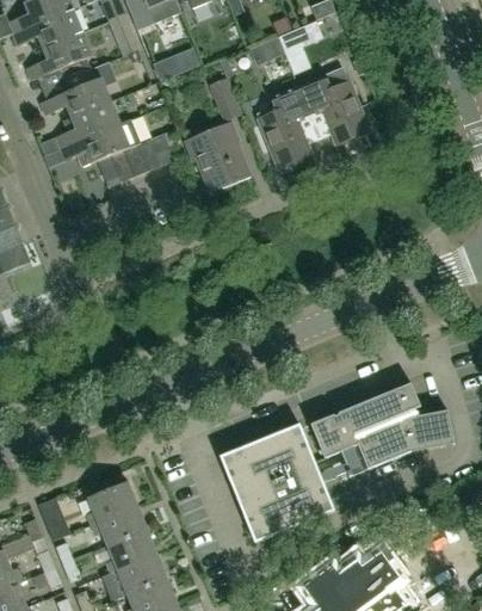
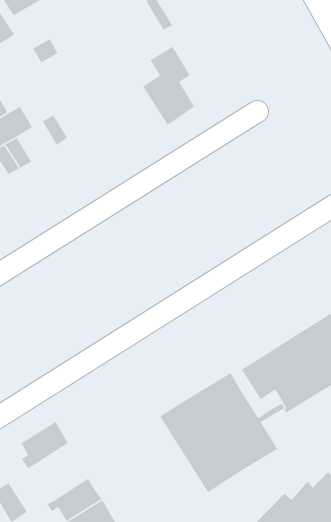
building: [297,69,367,141] -> none
building: [210,78,241,122] -> none
building: [186,124,249,192] -> none
building: [124,138,162,178] -> none
building: [86,482,137,526] -> [21,421,69,469]

